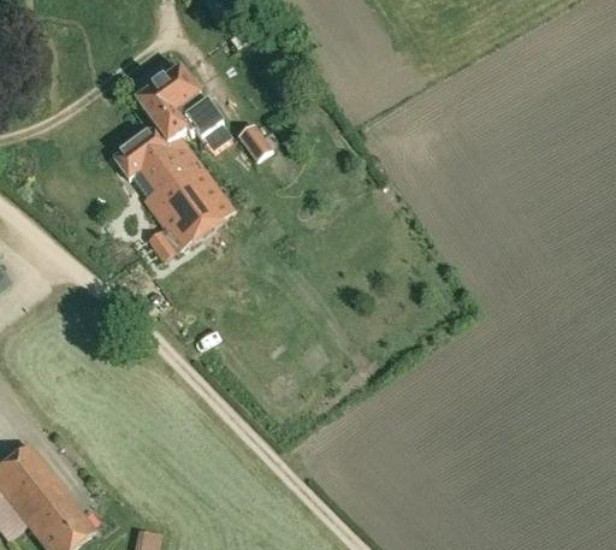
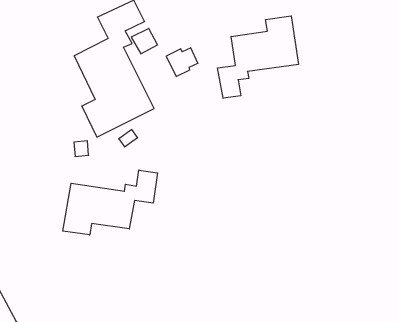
building: none -> [218,16,298,98]
building: none -> [63,170,158,235]

